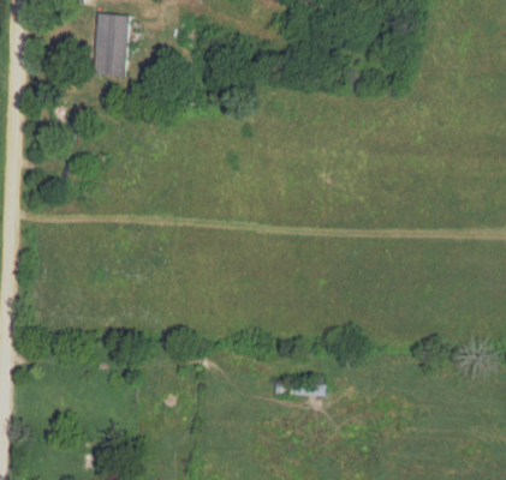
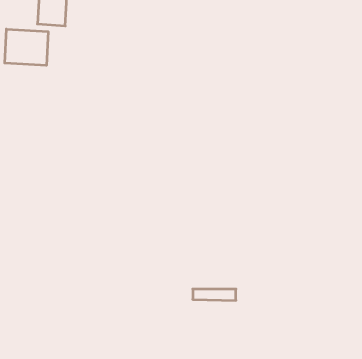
building: none -> [5,29,48,65]

